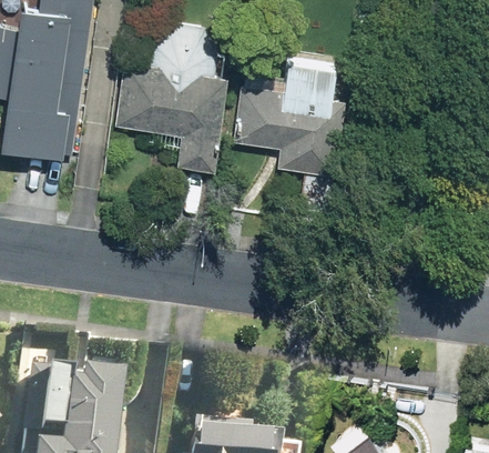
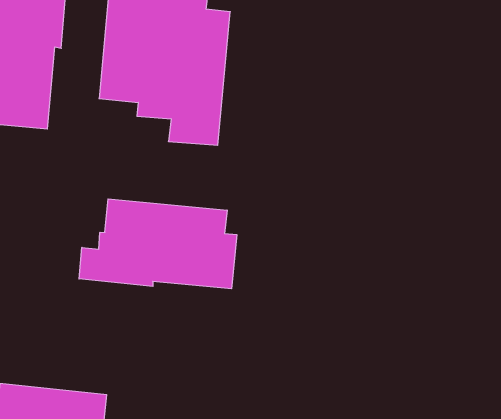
building: [236,63,344,174] -> none
building: none -> [79,199,237,289]

